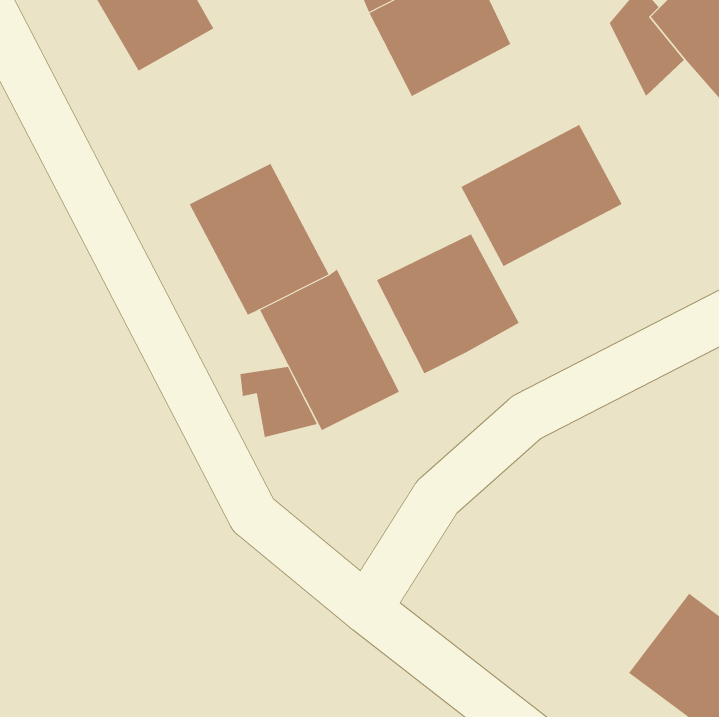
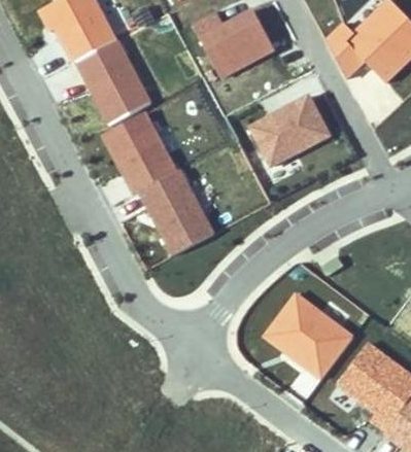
building: none -> [77,43,152,129]
building: [376,233,519,374] -> none
building: [240,366,318,438] -> none
building: none -> [261,291,353,381]

